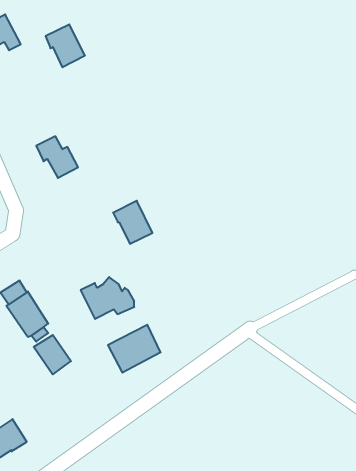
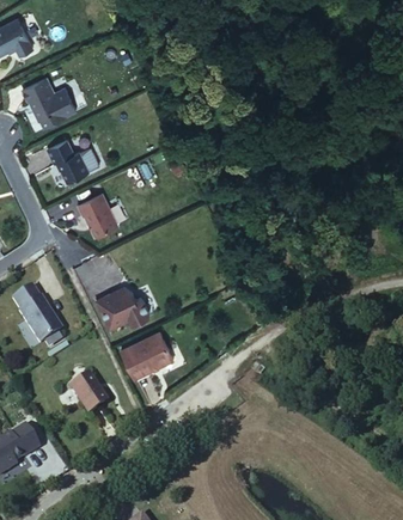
building: [46,24,85,67] -> [23,78,62,121]
building: [113,201,152,244] -> [79,194,118,237]
building: [34,335,71,374] -> [69,374,106,414]

